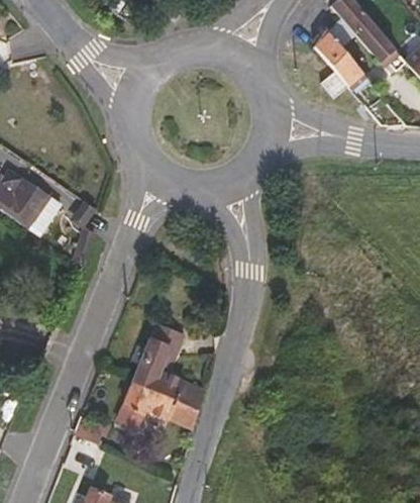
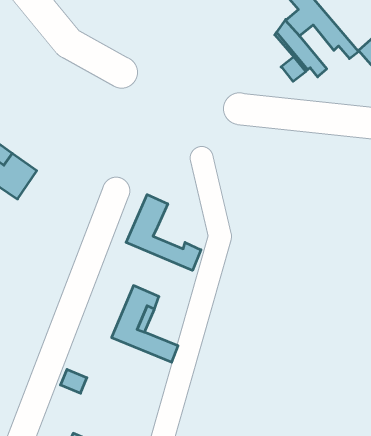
building: none -> [126,195,201,270]
building: [116,381,199,429] -> none

